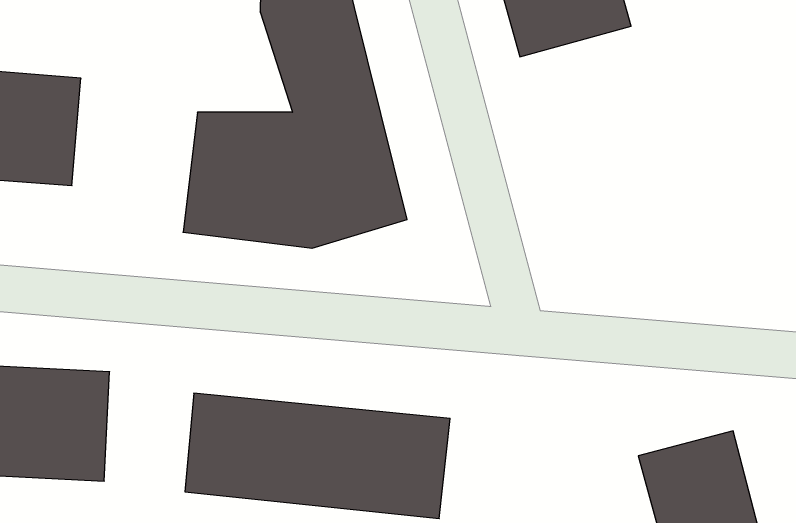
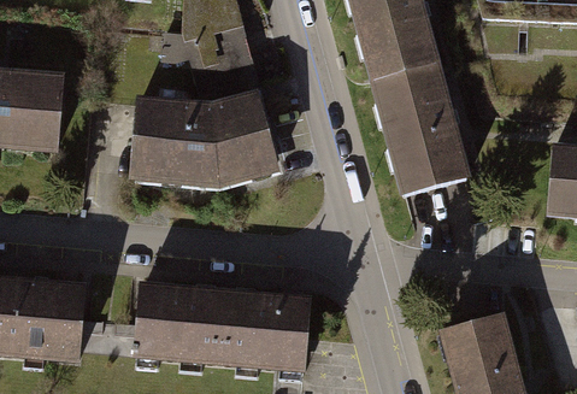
building: none -> [359,41,467,183]

